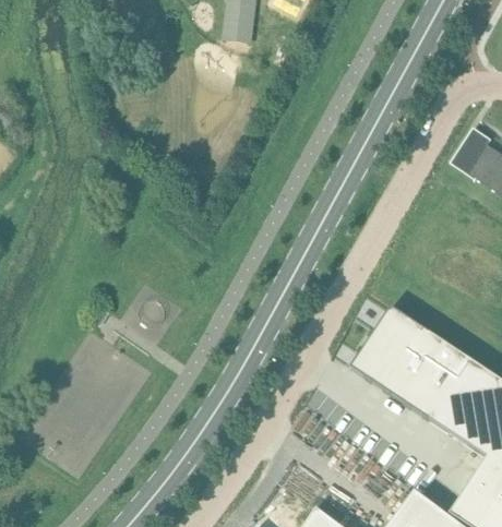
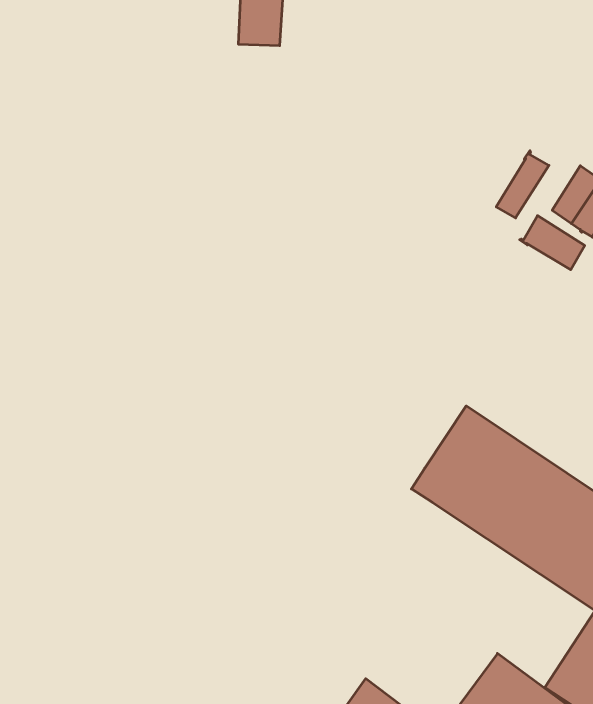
building: none -> [496,151,549,218]
building: none -> [520,216,585,270]

